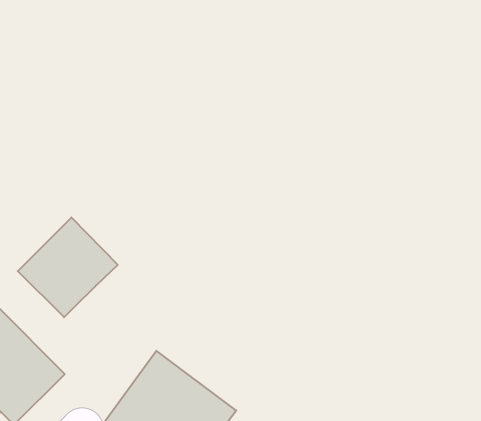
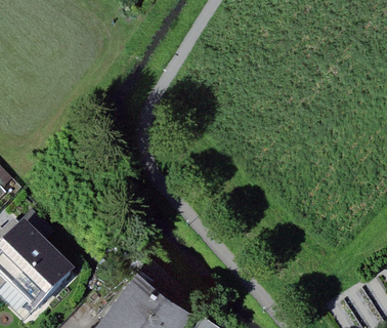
building: [18,217,118,317] -> none

